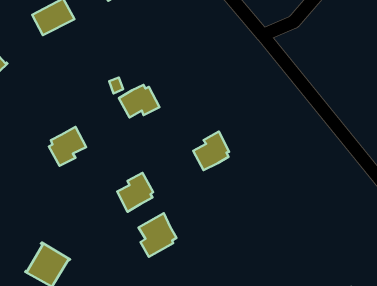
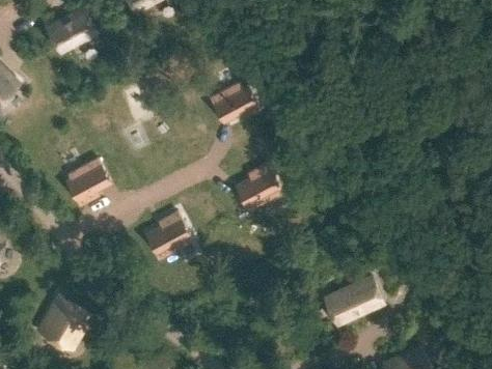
building: [119,85,160,118] -> [210,83,257,121]
building: [139,213,176,257] -> none
building: none -> [324,277,381,322]

